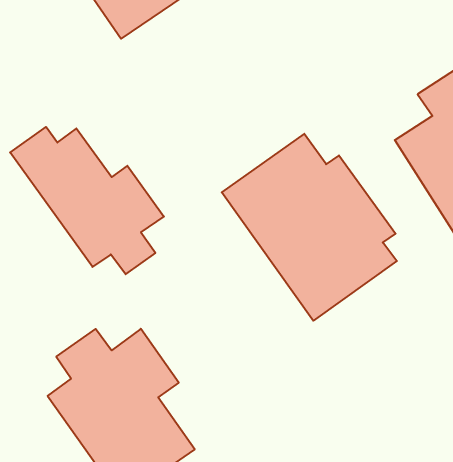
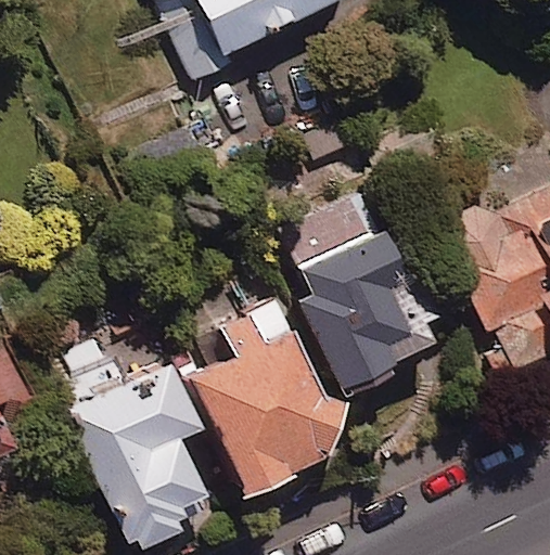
building: [10,127,164,274] -> none
building: none -> [193,307,345,494]

